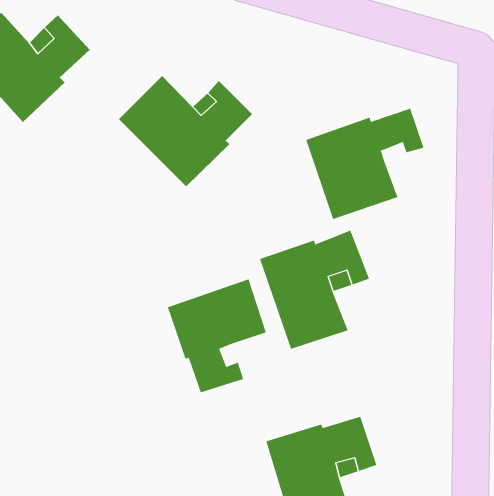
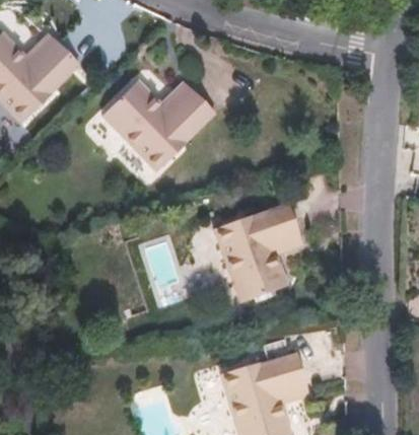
building: [305,108,424,220] -> none
building: [167,279,267,393] -> none

